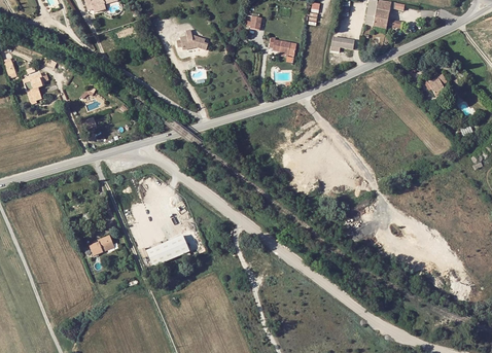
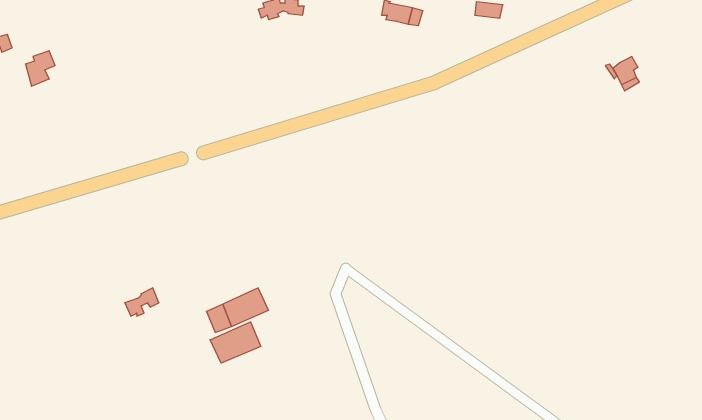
building: none -> [210,322,261,363]

